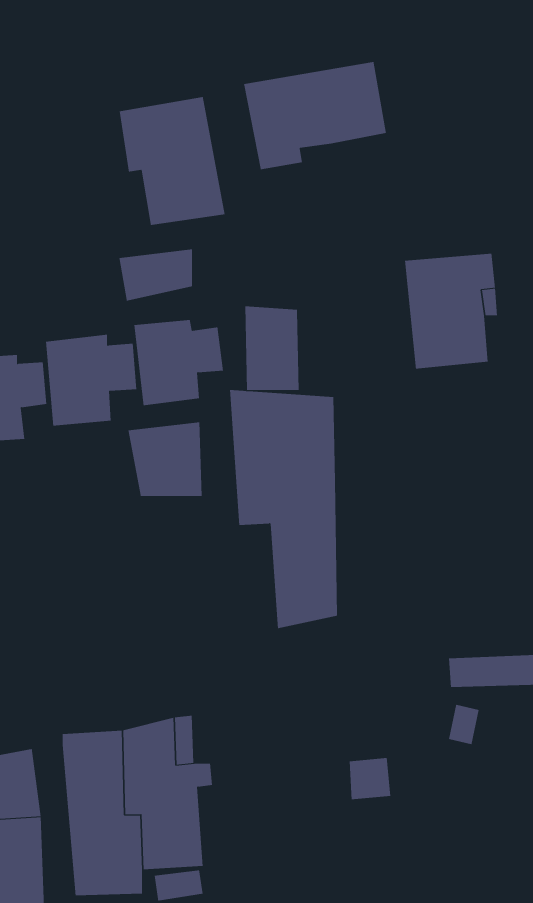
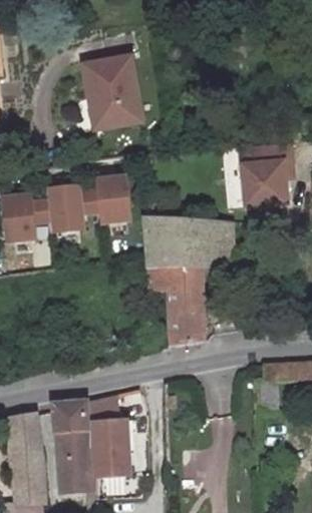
building: [244,61,386,170] -> none
building: [119,248,192,302] -> none
building: [244,306,300,391] -> [201,219,231,266]
building: [128,422,202,497] -> none

